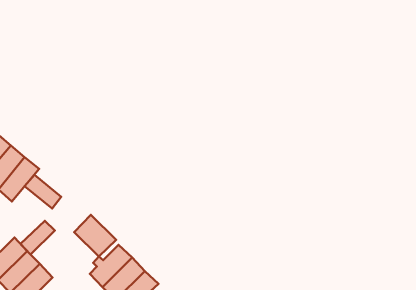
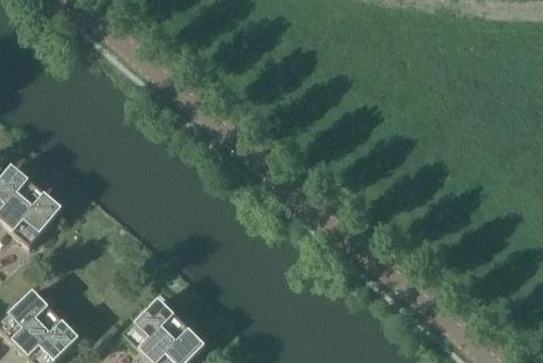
building: [25,175,61,209] -> none
building: [74,215,116,257] -> none
building: [21,221,55,254] -> none

